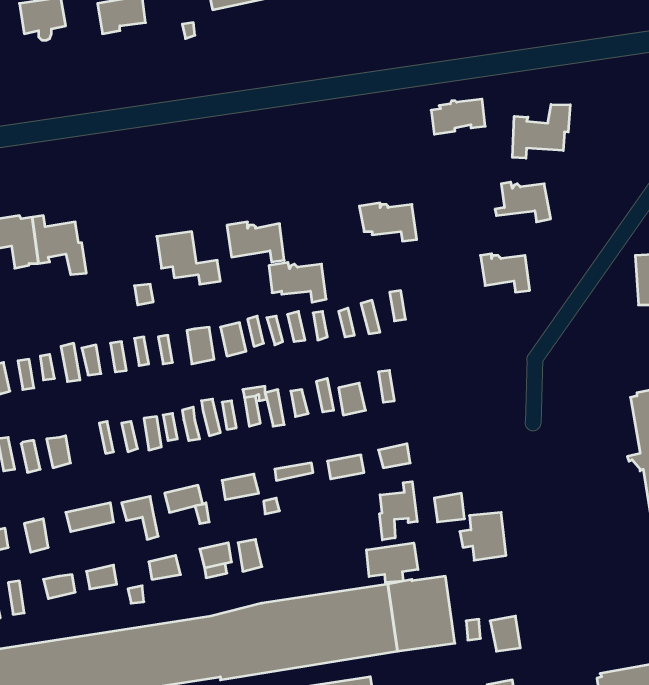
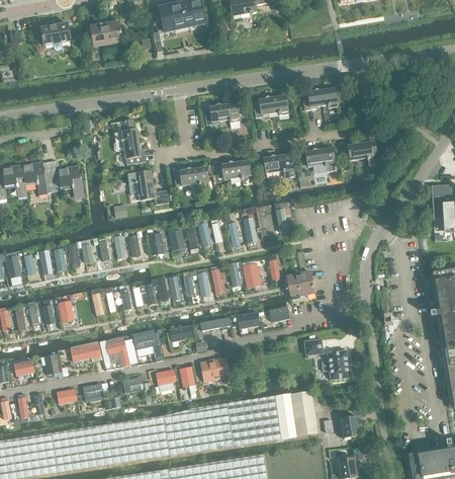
building: [512,104,570,158] -> none
building: none -> [253,94,288,116]
building: none -> [204,102,240,124]
building: none -> [113,119,146,165]
building: [480,254,530,292] -> [304,147,336,171]
building: [269,262,326,302] -> [215,159,252,184]
building: none -> [286,270,314,298]
building: [380,482,417,540] -> none
building: none -> [199,361,223,383]
building: [367,543,418,582] -> none

